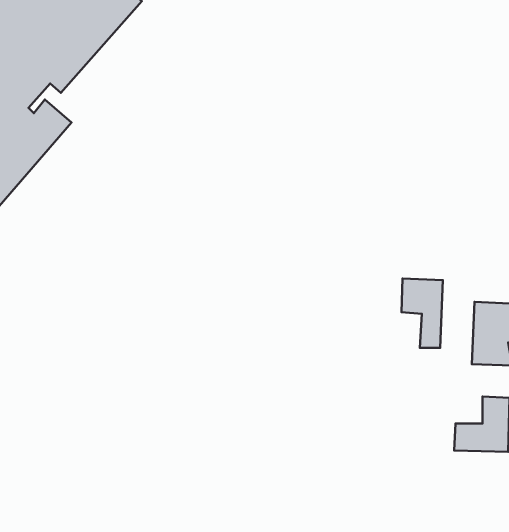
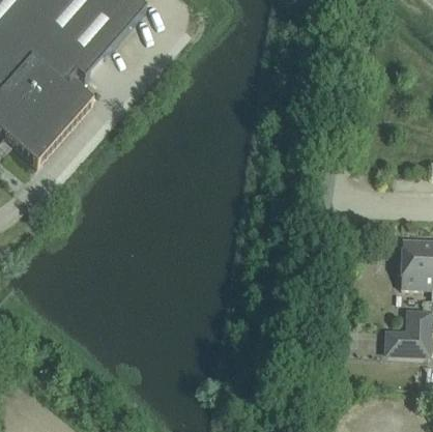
building: [402,278,443,348] -> none

